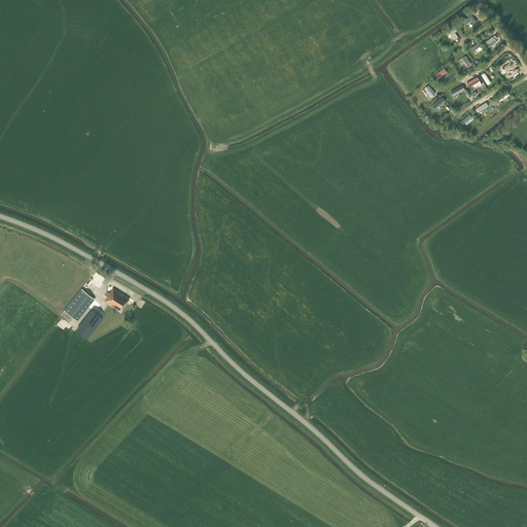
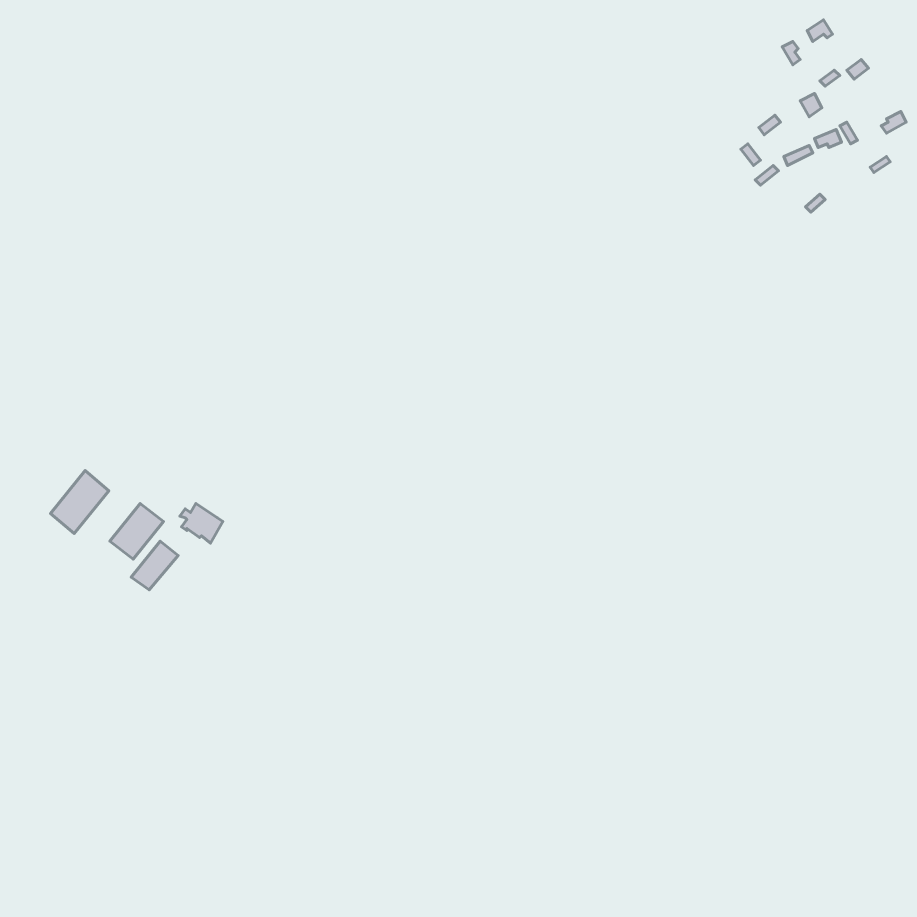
building: none -> [51,471,109,534]

